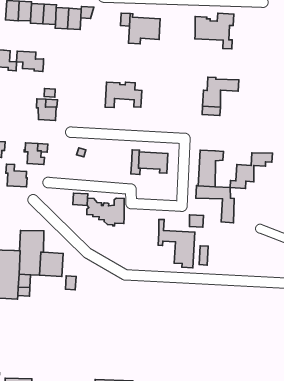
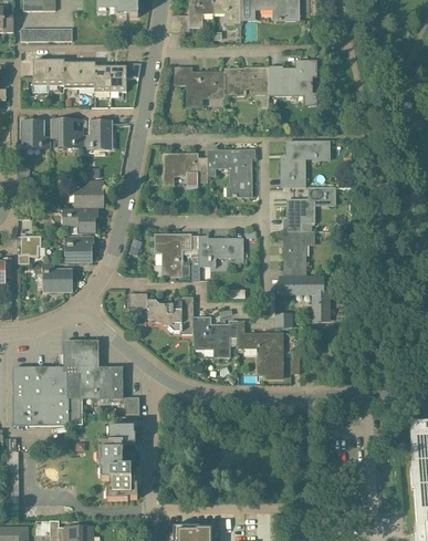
building: none -> [230,67,269,95]
building: none -> [83,121,109,147]
building: none -> [207,153,259,197]
building: none -> [62,207,98,230]
building: none -> [154,232,191,277]
building: [230,153,272,188] -> [283,186,333,231]
building: none -> [194,320,238,357]
building: none -> [97,425,137,499]

